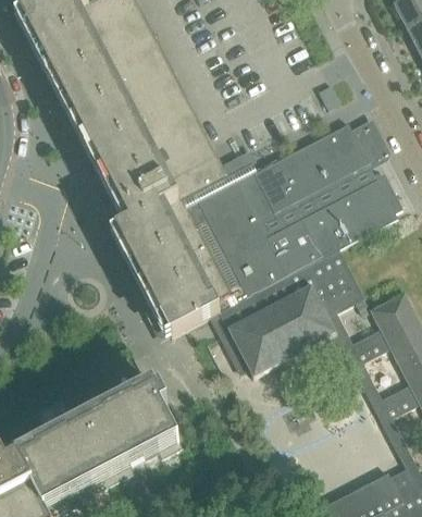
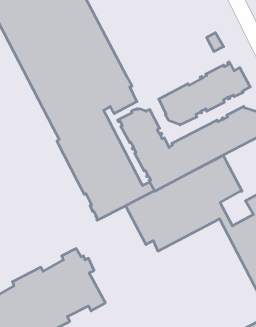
building: [228,161,381,237] -> none

